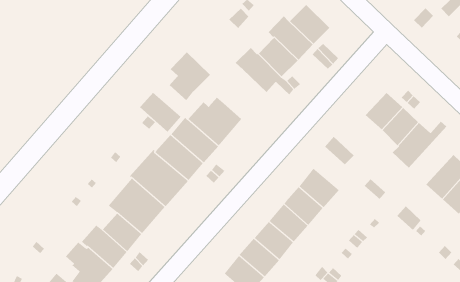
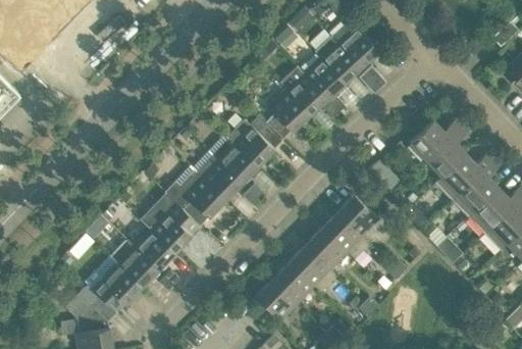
building: [169,51,211,101] -> [267,89,311,140]
building: [139,92,181,133] -> none
building: none -> [453,159,502,217]

